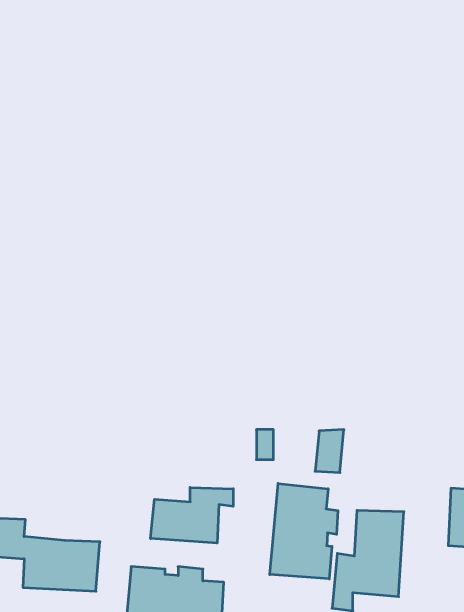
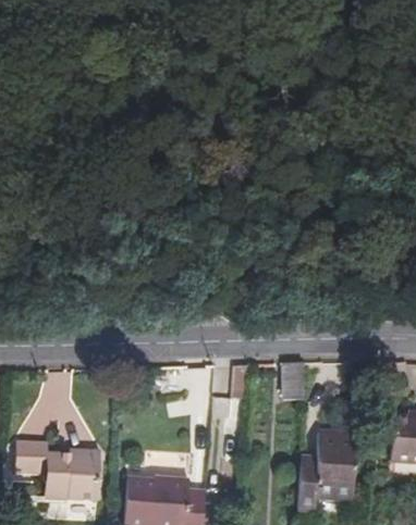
building: [270,483,338,579] -> none
building: [151,487,233,543] -> none

